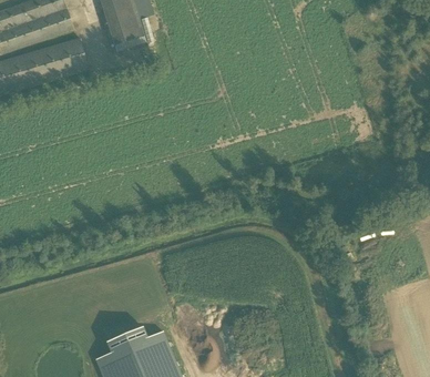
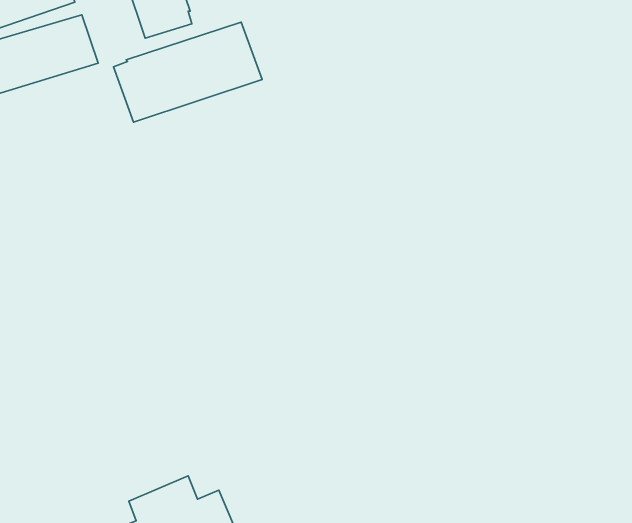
building: none -> [113,22,262,122]

